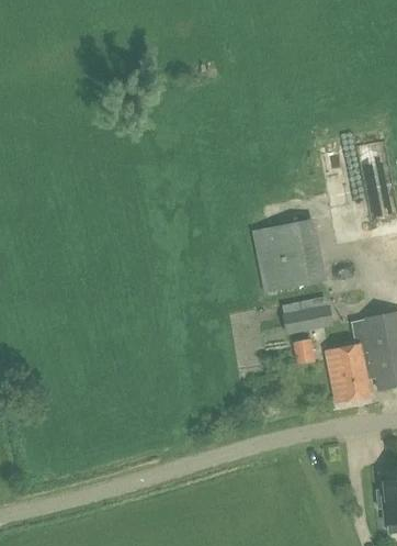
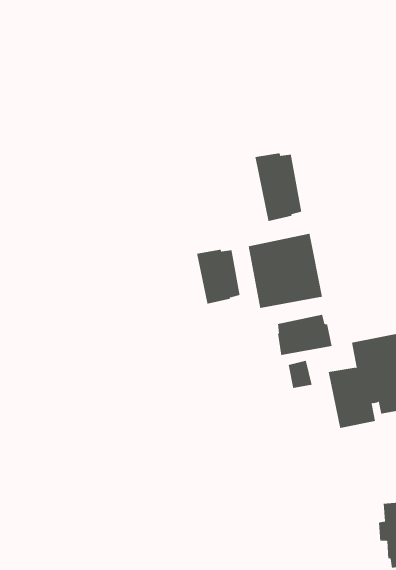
building: none -> [255,152,302,222]
building: none -> [197,249,240,305]

